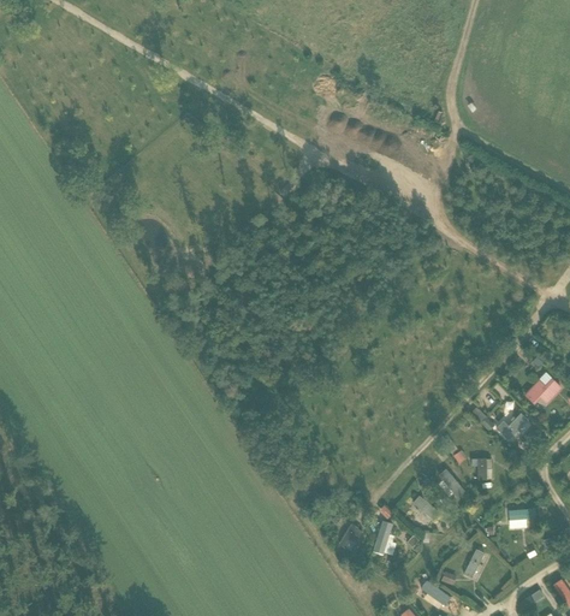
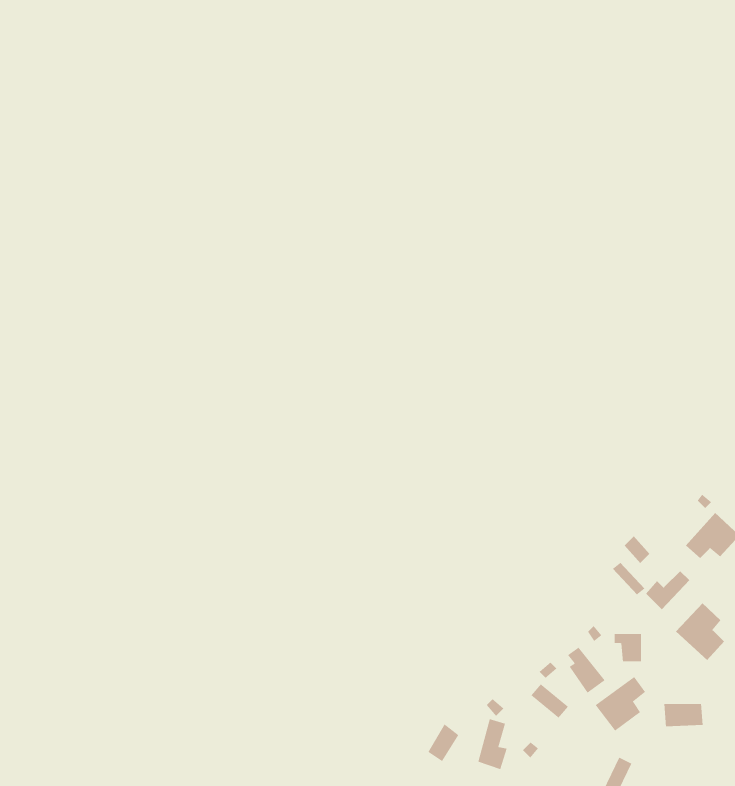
building: none -> [675,603,725,661]
building: none -> [595,676,646,732]

